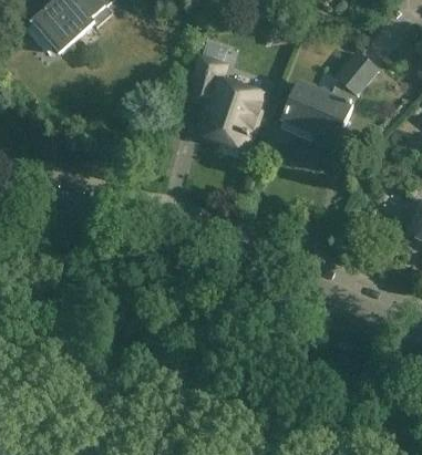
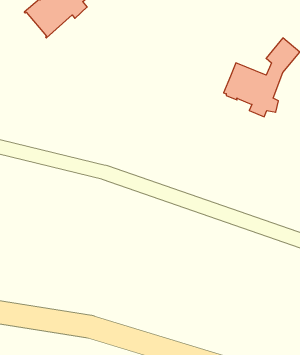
building: [188,42,261,147] -> none

